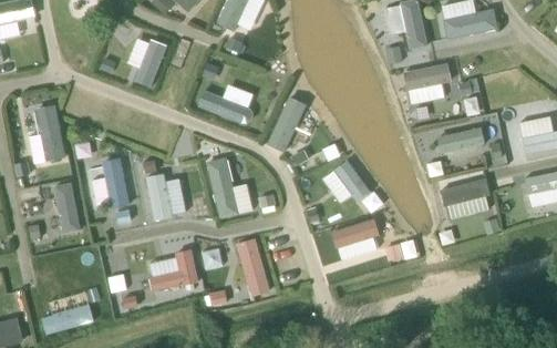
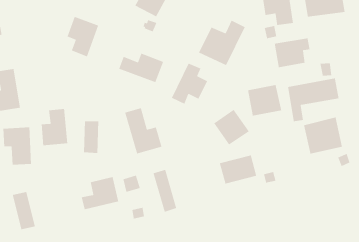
building: none -> [198,19,246,66]
building: none -> [247,84,282,117]

